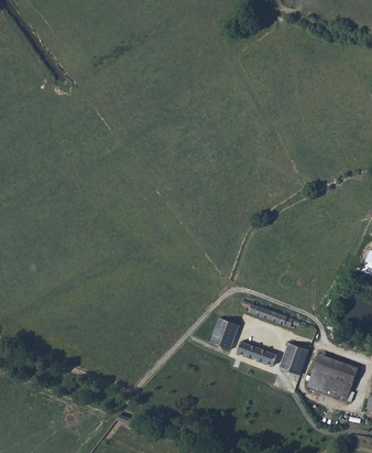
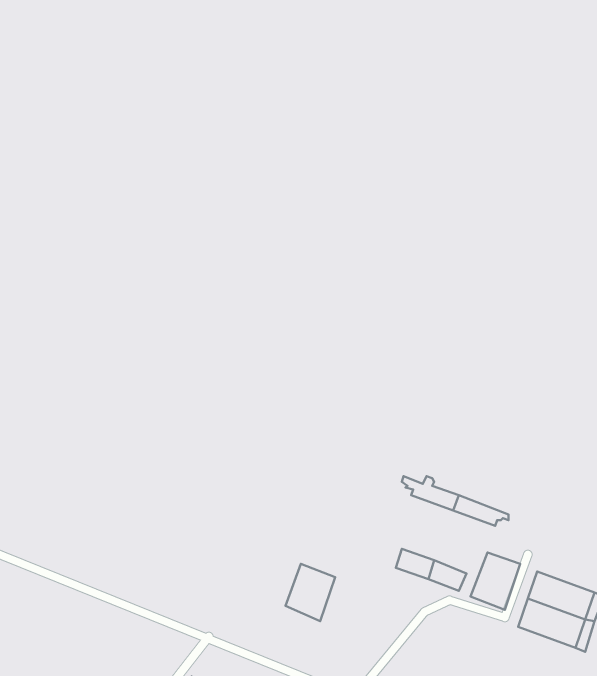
building: [211,317,240,350] -> [286,564,335,621]

